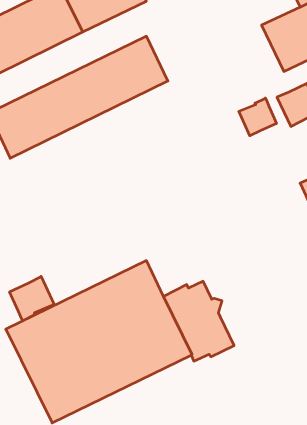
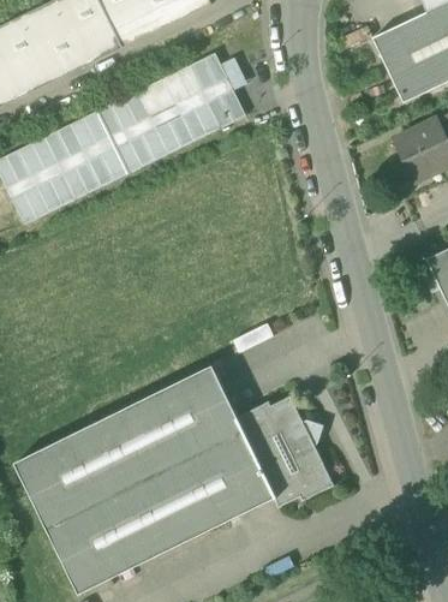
building: [239,98,276,136] -> none
building: [10,276,54,321] -> none

